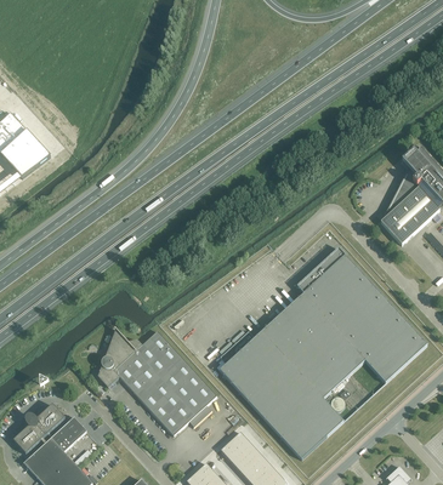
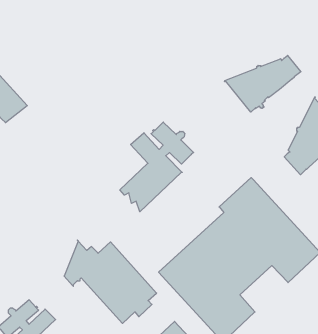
building: none -> [225,55,301,112]
building: none -> [120,122,194,212]

